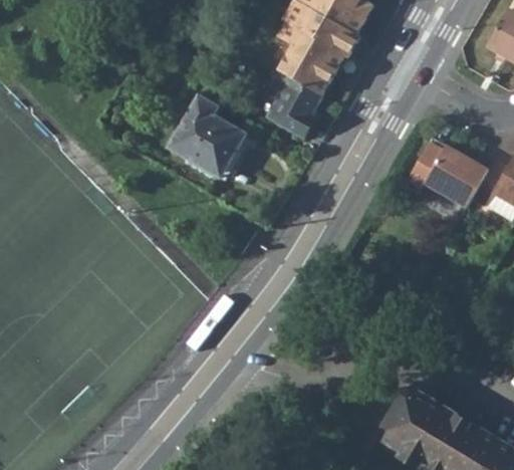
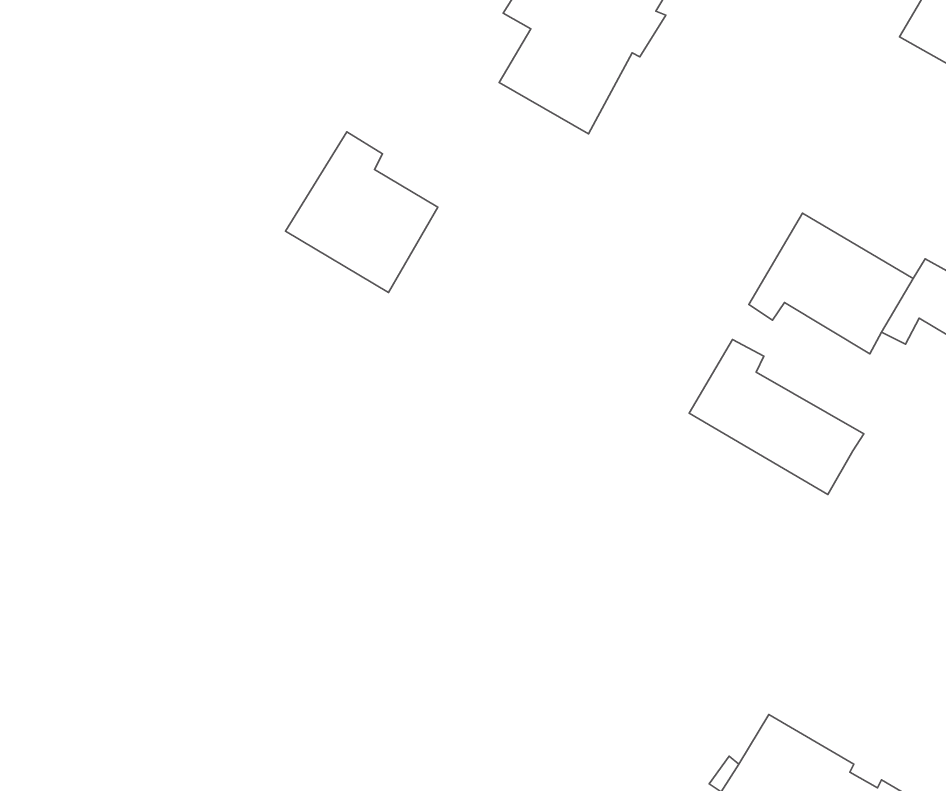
building: [264,70,322,137] -> none
building: none -> [689,339,864,494]

